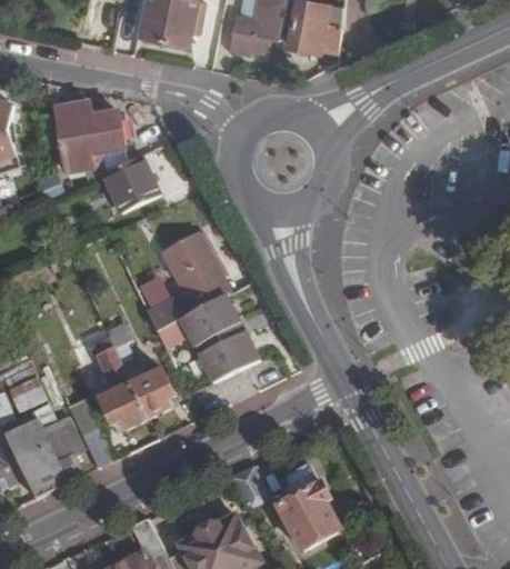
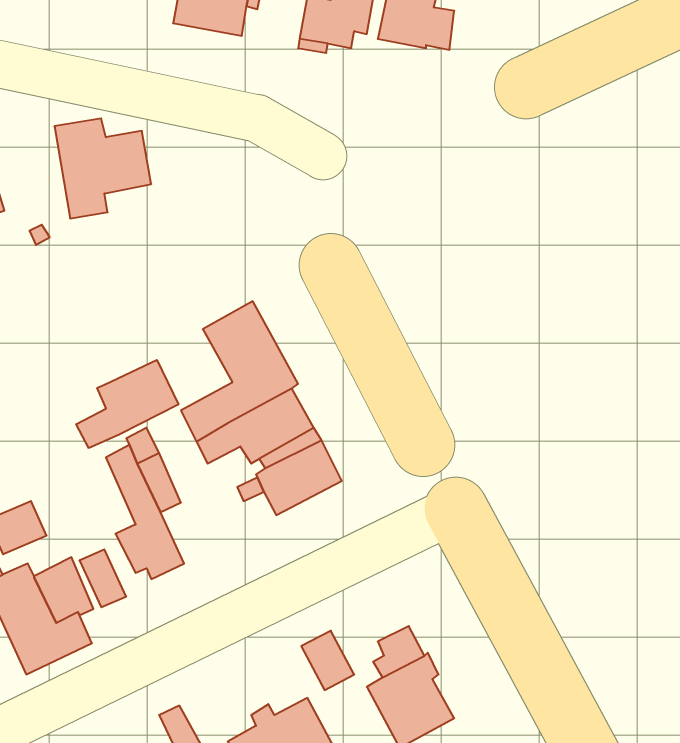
building: [100,153,160,212] -> none
building: none -> [76,360,178,448]
building: [130,368,173,418] -> none

